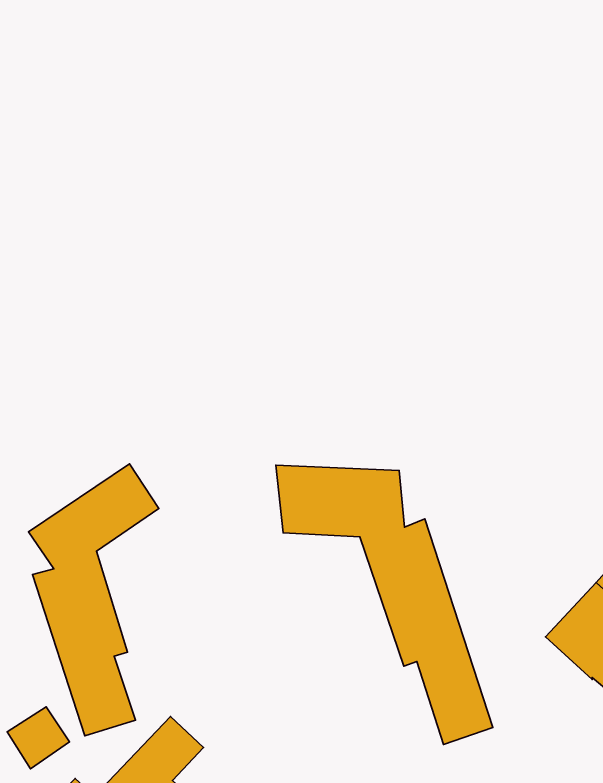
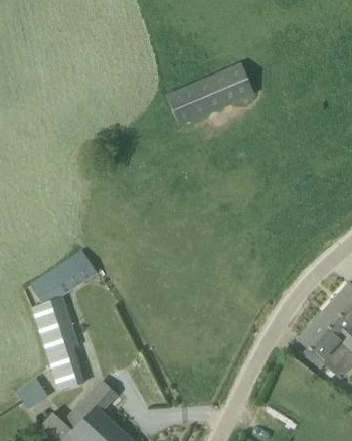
building: none -> [166,61,254,126]
building: [276,465,493,745] -> none

